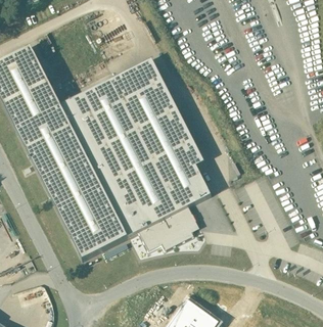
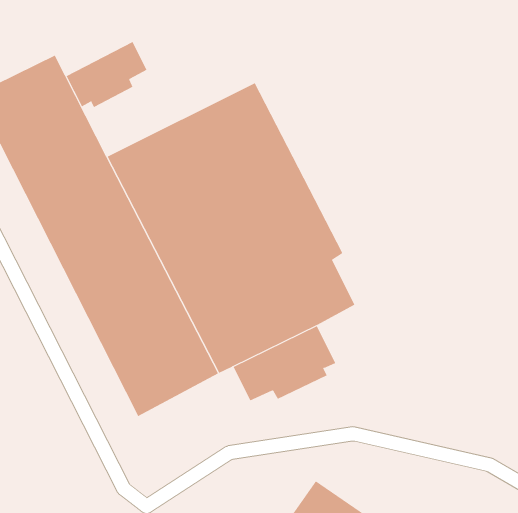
building: none -> [66,41,147,108]

